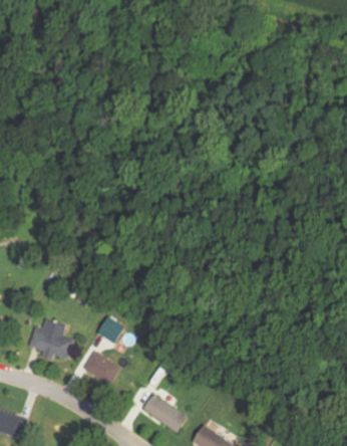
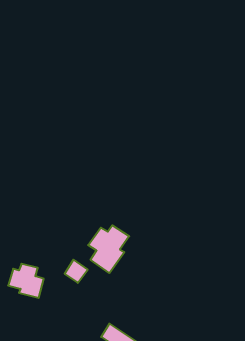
building: none -> [88,225,129,273]
building: [81,352,121,394] -> none

